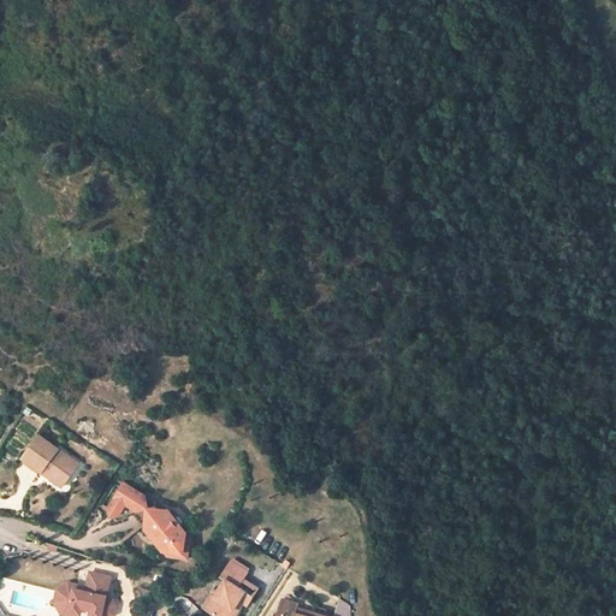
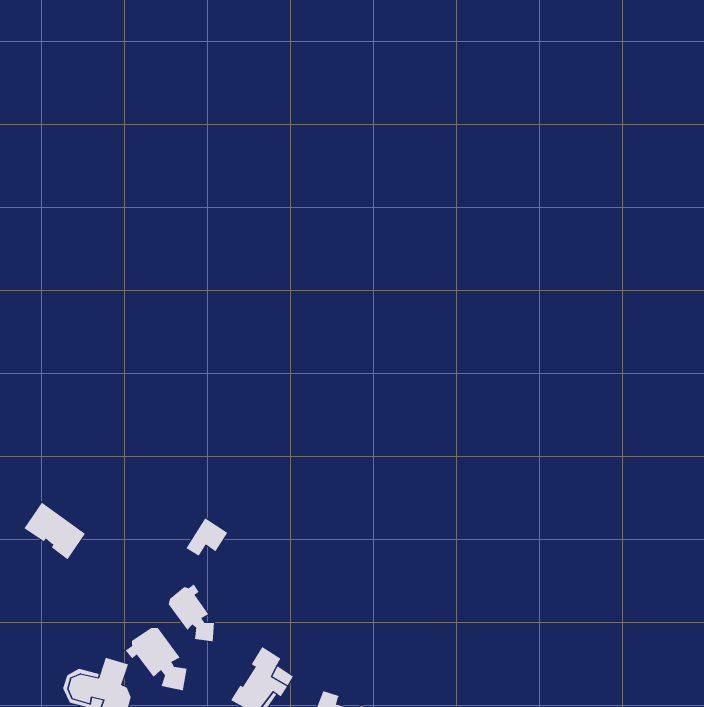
building: [106,479,143,513] -> [185,518,228,556]
building: none -> [125,627,187,691]

